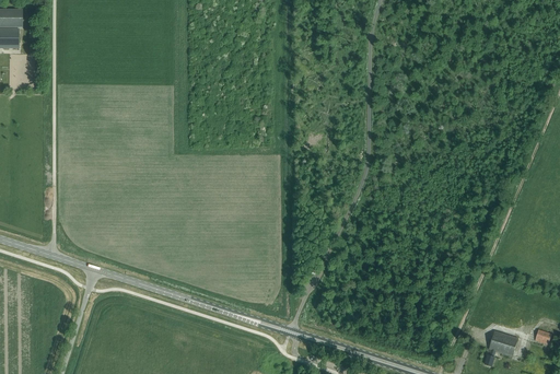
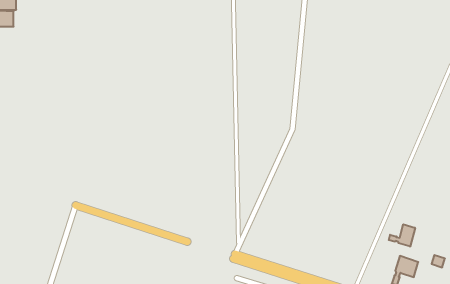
building: none -> [389,224,415,247]

